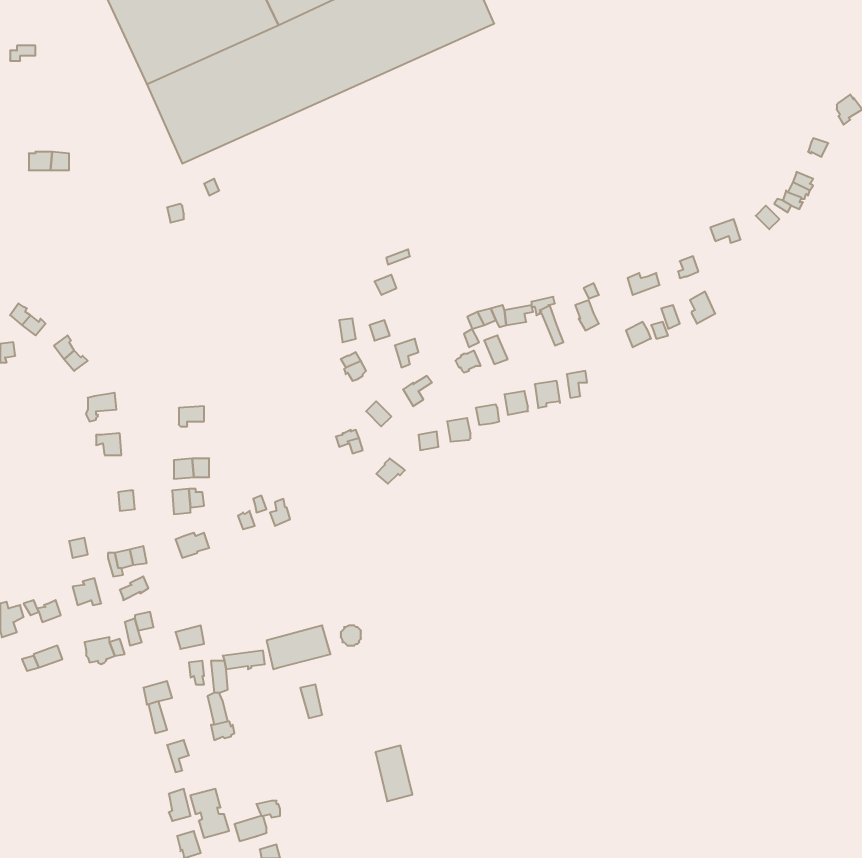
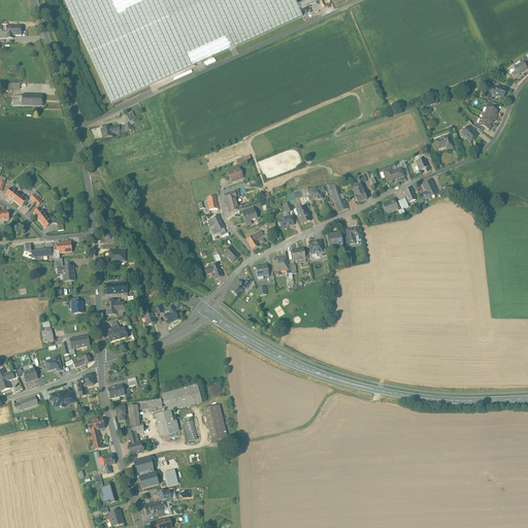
building: none -> [155,408,176,436]
building: [375,746,412,801] -> [204,403,227,437]
building: [190,789,229,838] -> [134,457,158,487]

